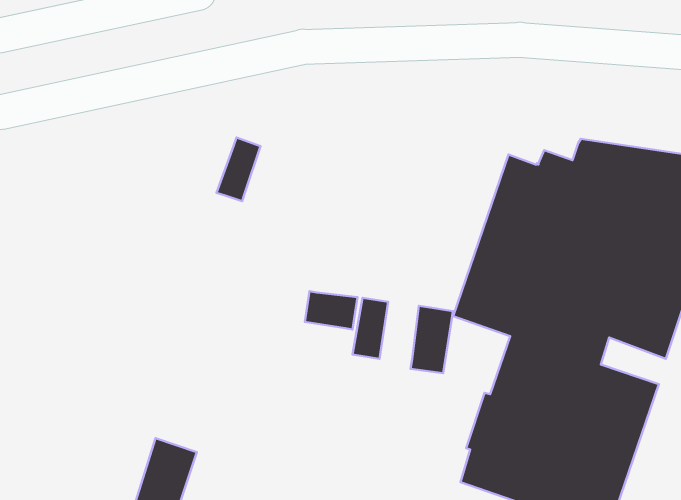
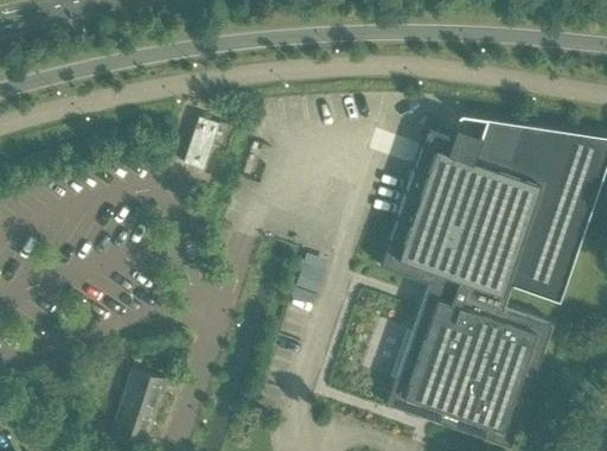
building: [305,291,358,329] -> none
building: [411,306,453,373] -> none

